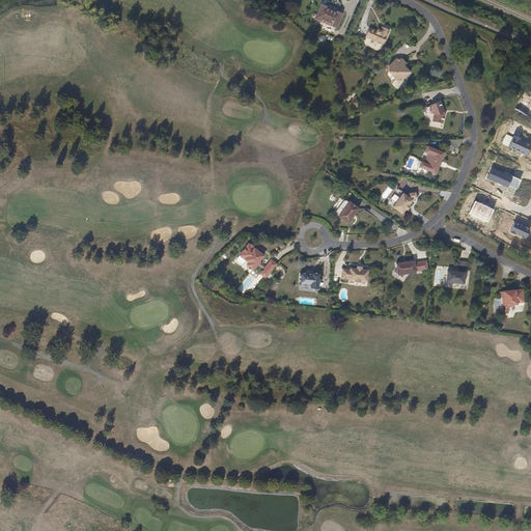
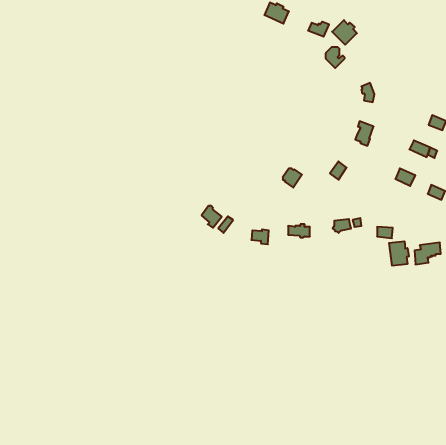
building: none -> [332,20,357,45]
building: none -> [389,241,409,266]

